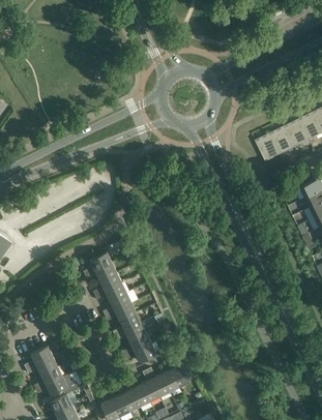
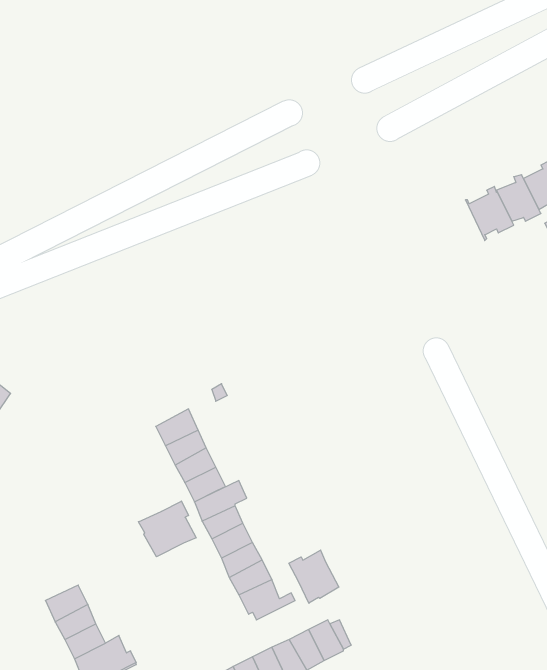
building: none -> [138,501,196,557]
building: none -> [289,550,339,603]

